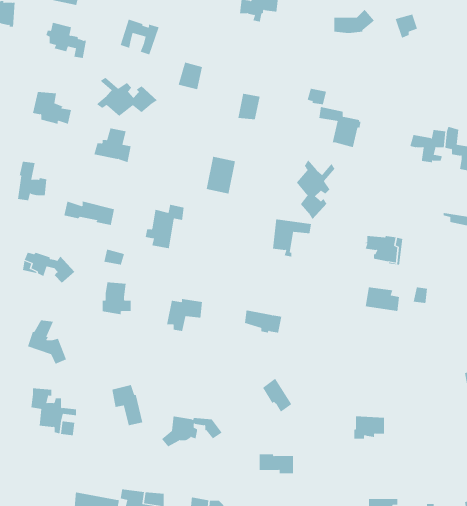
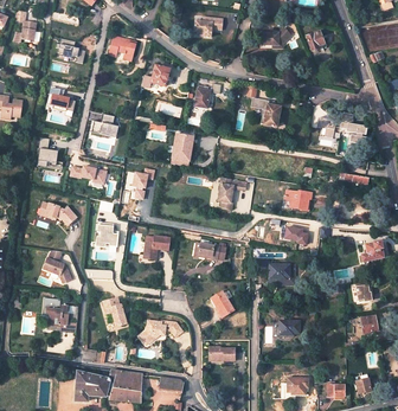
building: [96,77,158,117] -> none
building: [296,160,335,220] -> none
building: none -> [265,263,294,284]

